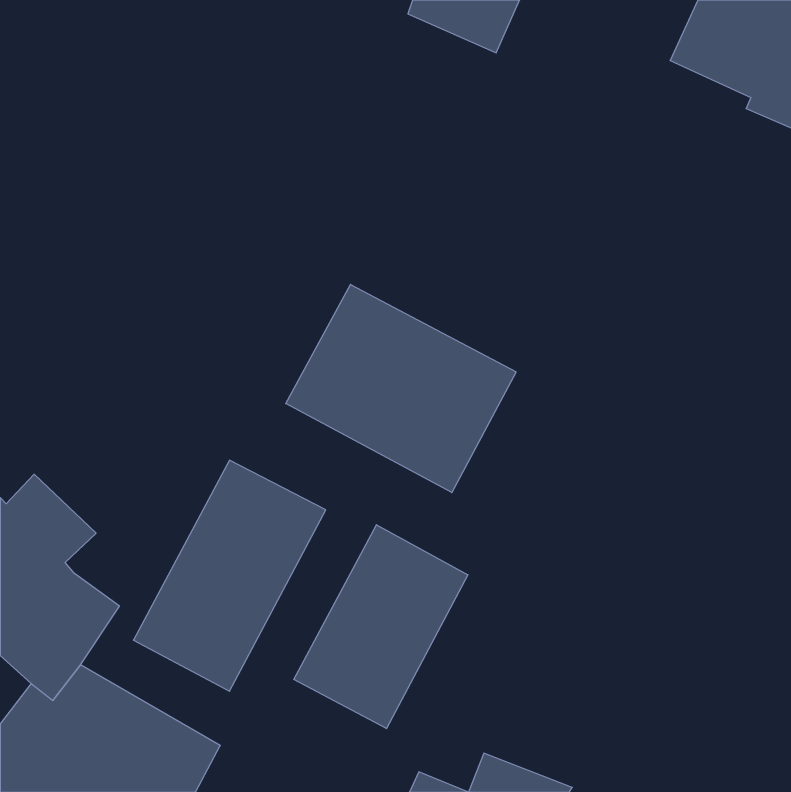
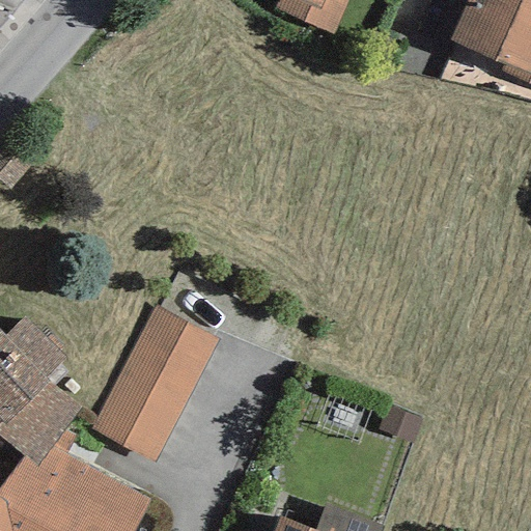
building: [286,284,516,493] -> none
building: [294,525,468,729] -> none

